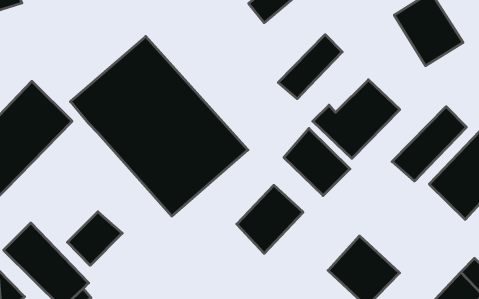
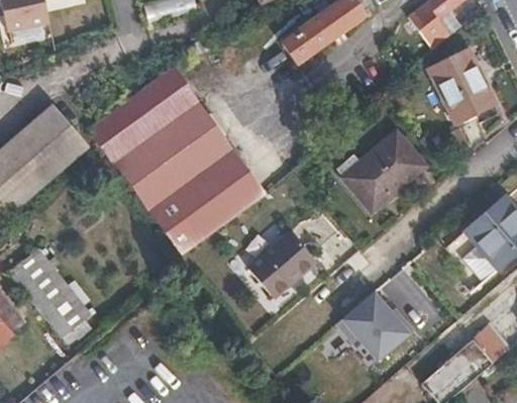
building: [278,35,342,99] -> none
building: [392,107,466,181] -> none
building: [284,128,350,196] -> none
building: [67,212,122,265] -> none

